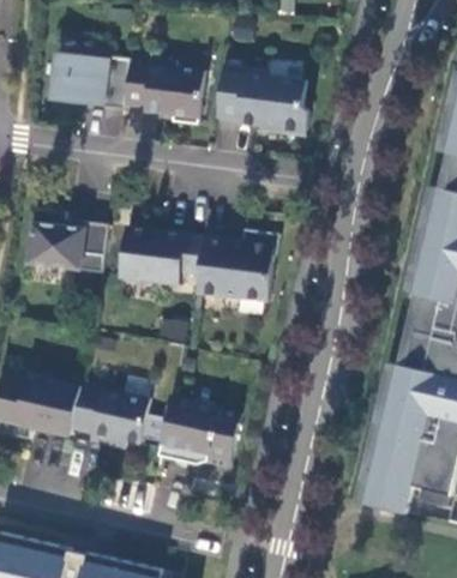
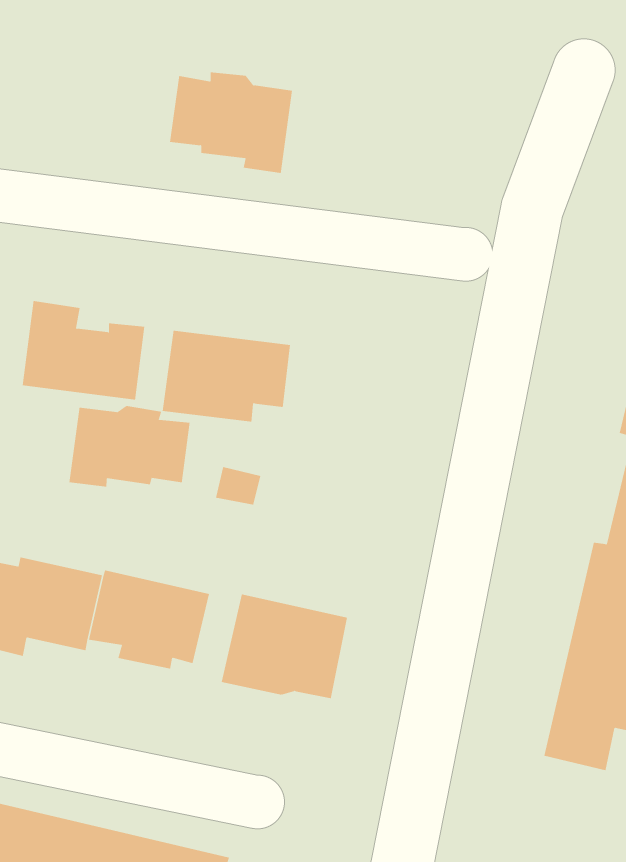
building: [49,52,128,108] -> none
building: [215,65,307,134] -> none
building: [194,229,277,301] -> none
building: none -> [69,405,190,487]

